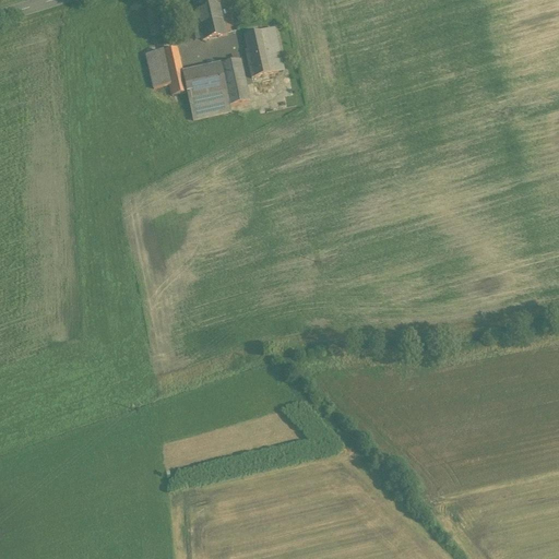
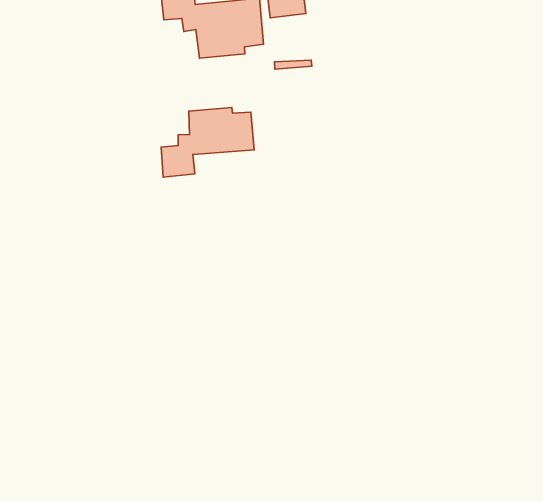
building: none -> [161,107,254,177]

